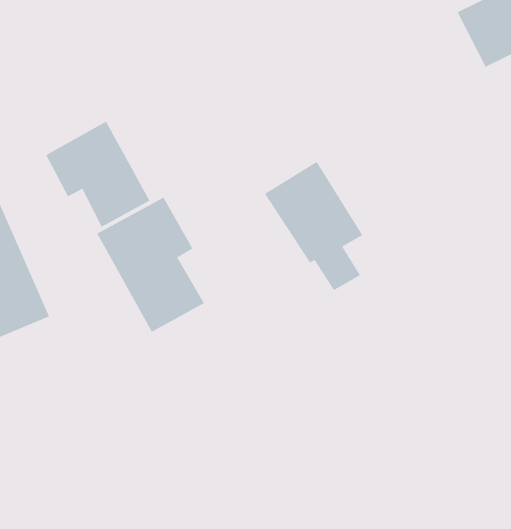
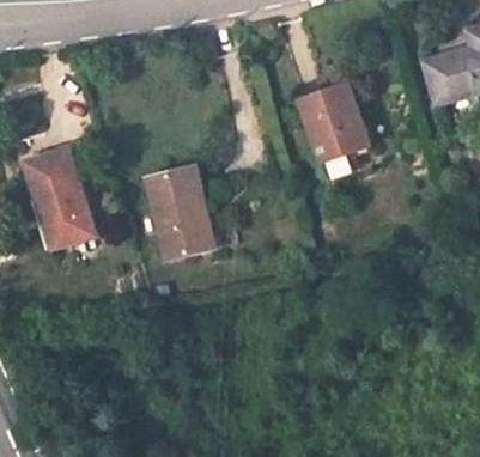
building: [45,121,150,228] -> none
building: [264,161,363,291] -> [296,80,363,176]

